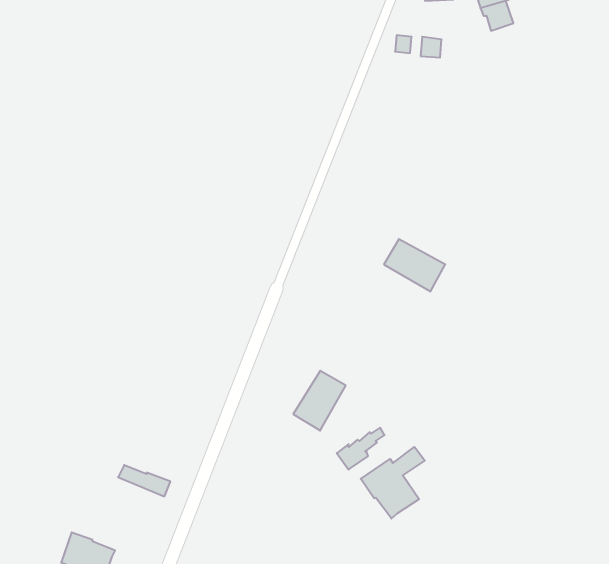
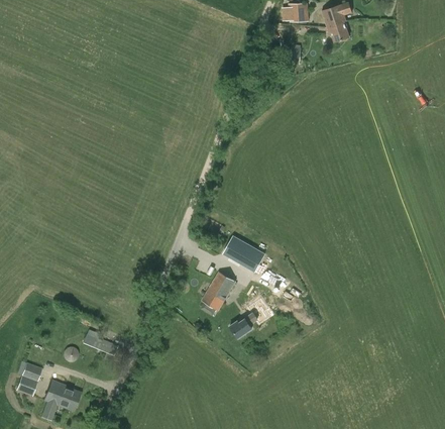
building: [384,239,445,291] -> [223,235,264,271]
building: [361,447,425,519] -> none
building: none -> [16,362,42,397]

